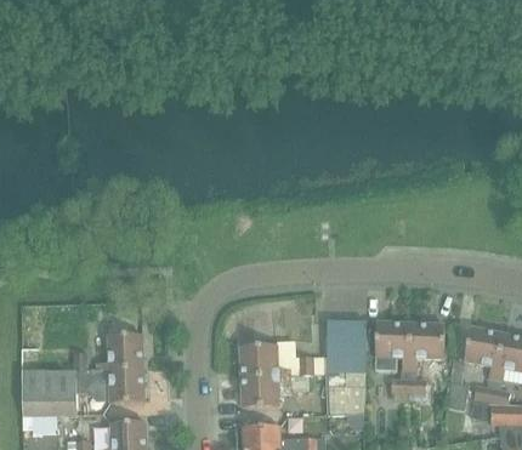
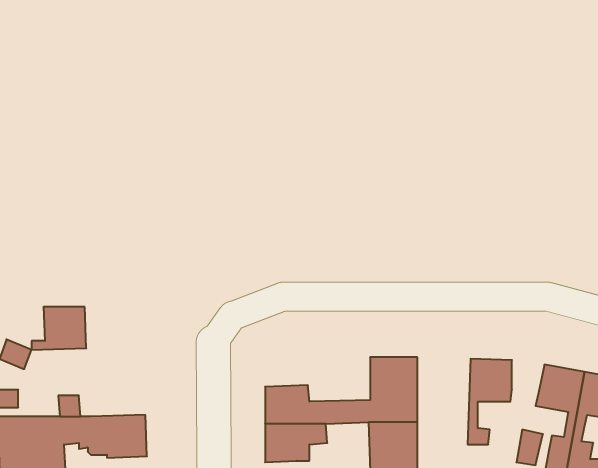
building: [374,321,409,393] -> none
building: [97,335,142,370] -> [32,307,86,350]

